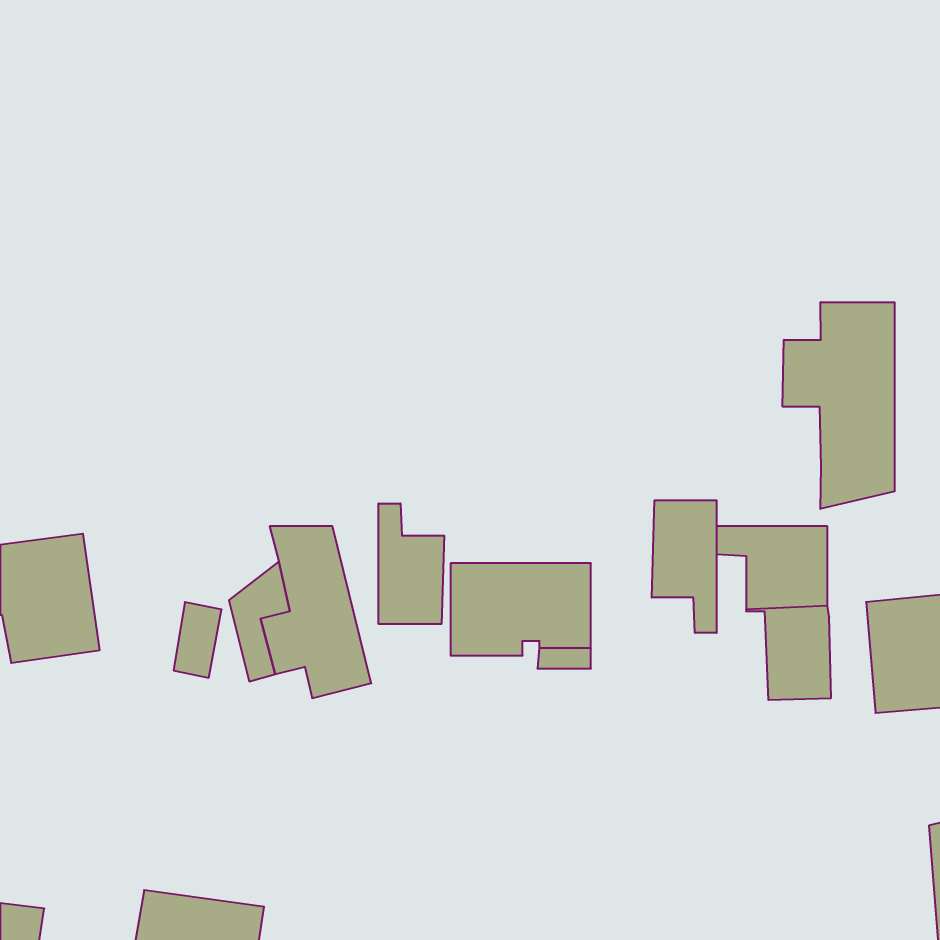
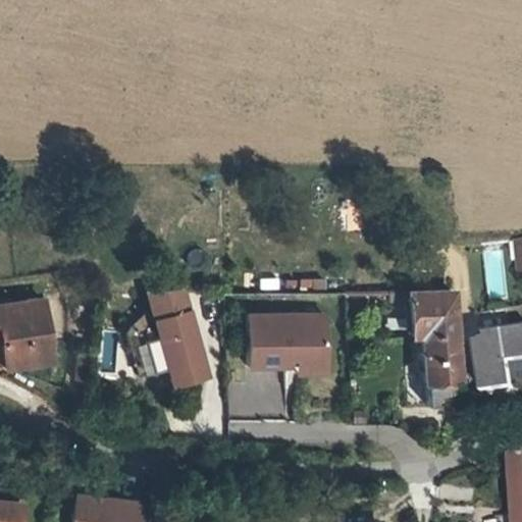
building: [783,302,895,509] -> none
building: [652,500,717,633] -> none
building: [379,503,444,624] -> none

